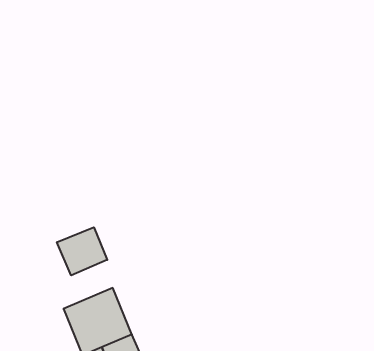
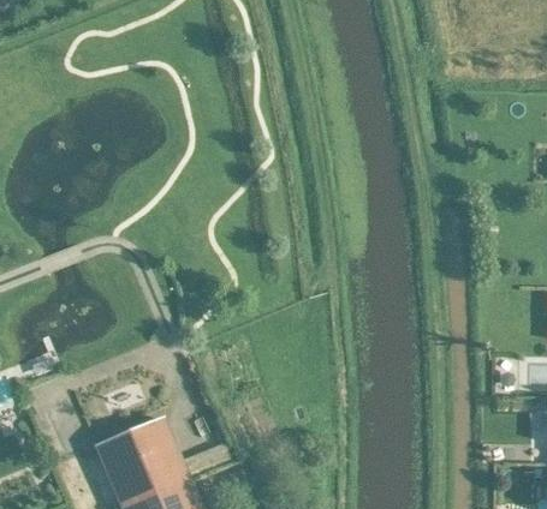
building: [57,227,107,275] -> none

